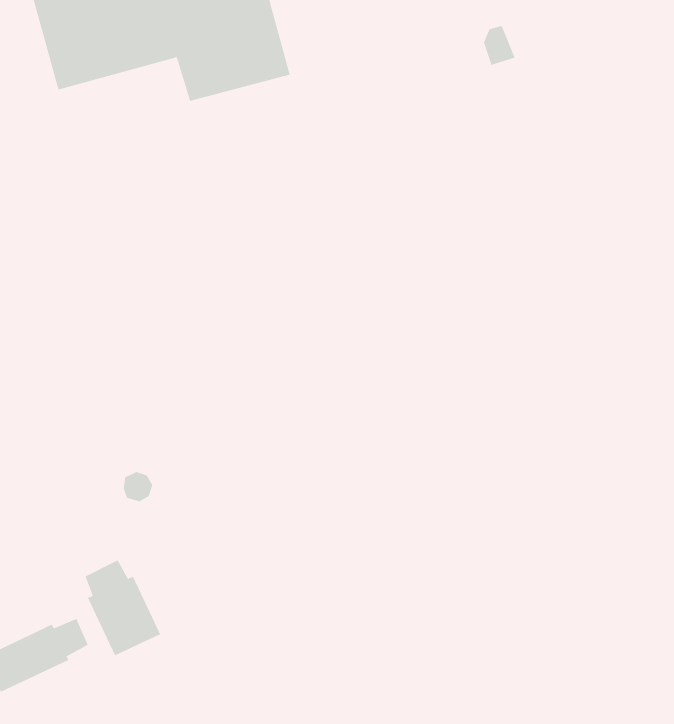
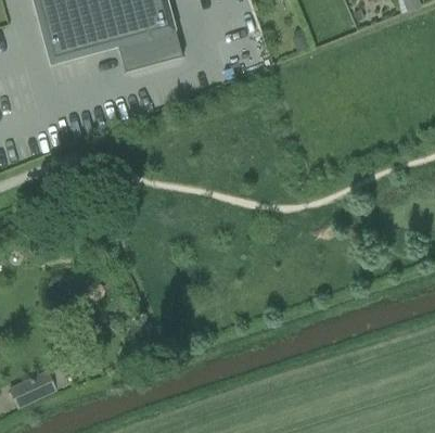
building: [85,560,161,656] -> none

